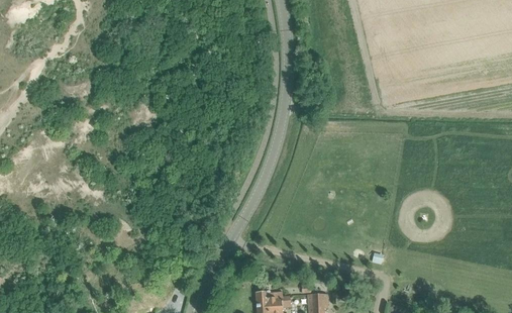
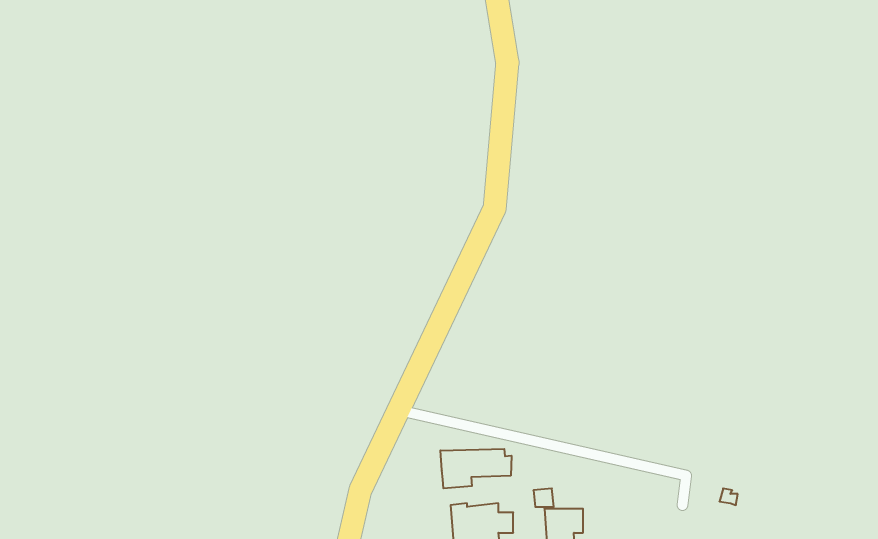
building: none -> [440,449,511,488]

